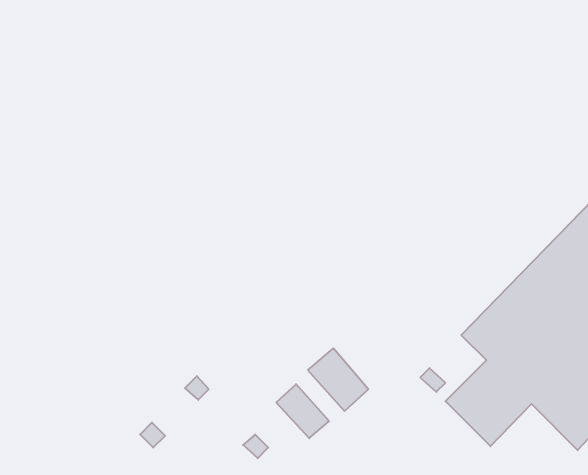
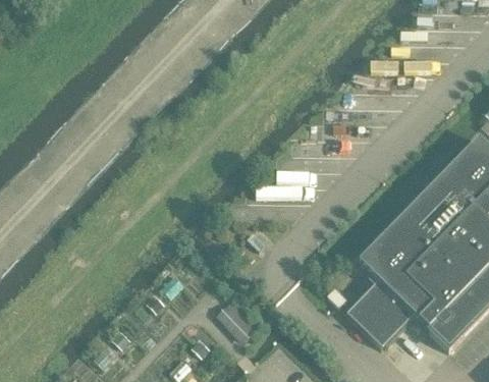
building: [308,348,368,411] -> none

